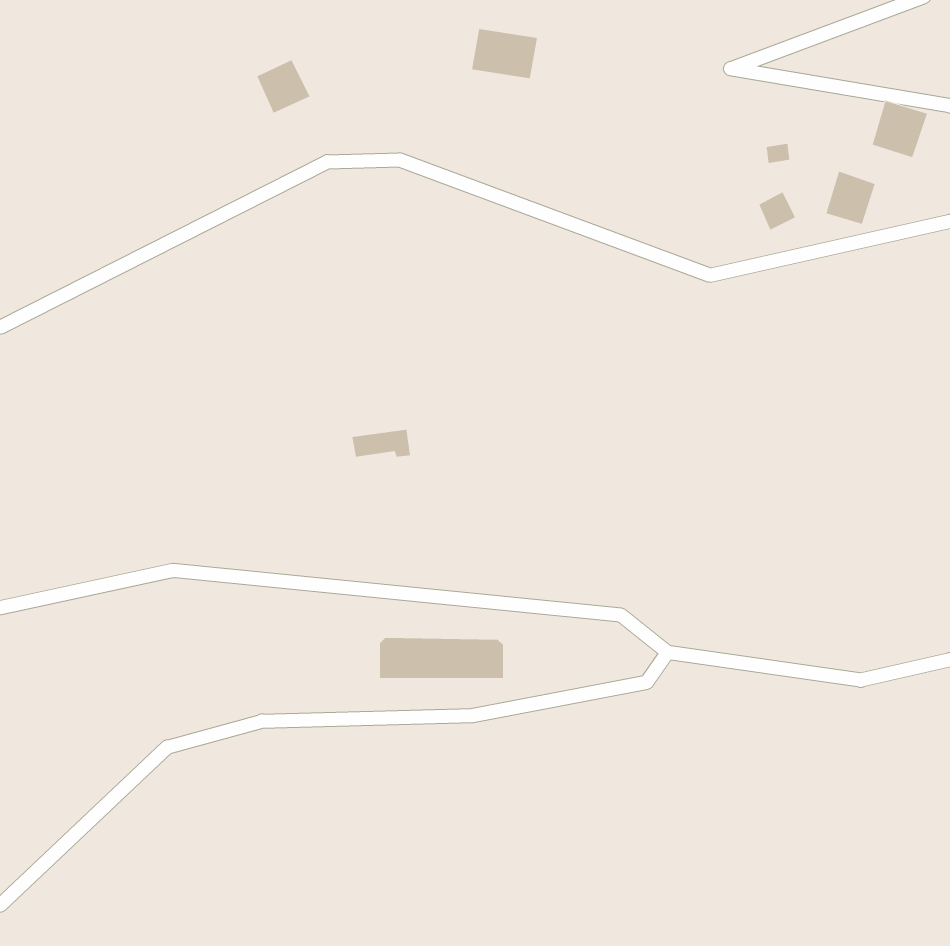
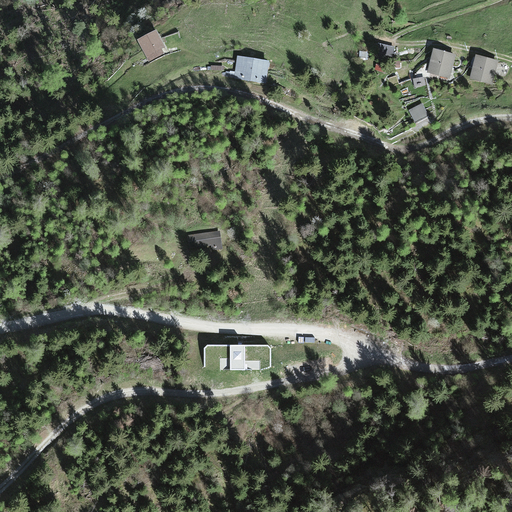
building: [471,29,538,79] -> [234,57,270,84]
building: [825,171,876,225] -> [428,49,455,78]

